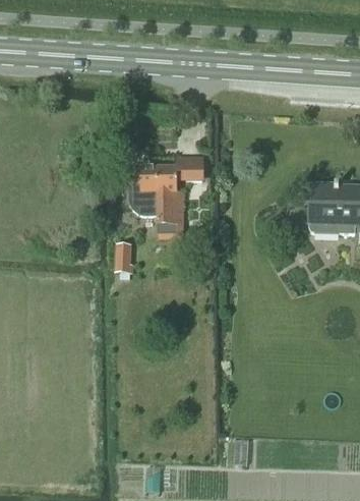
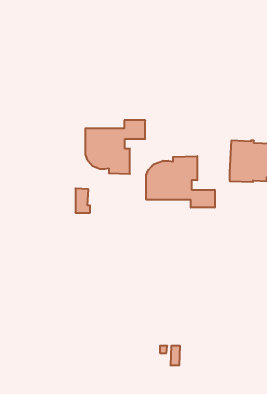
building: none -> [146,156,215,208]

